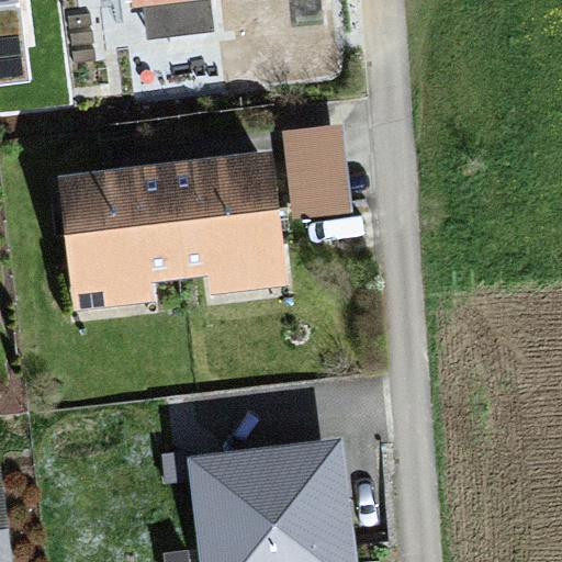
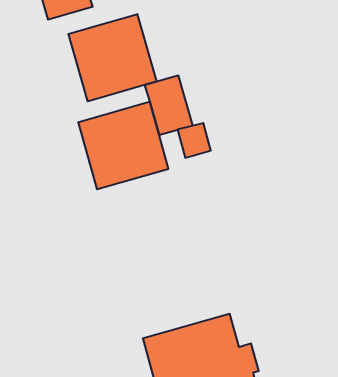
building: none -> [68,14,157,101]
building: [68,176,178,278] -> none

